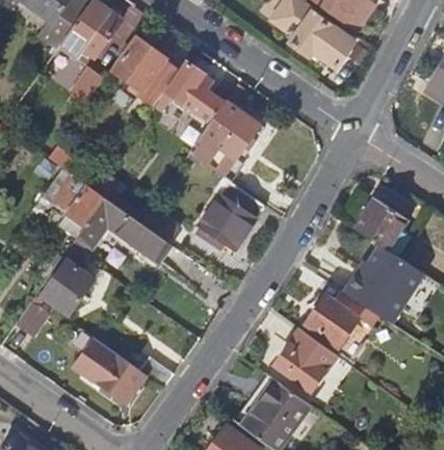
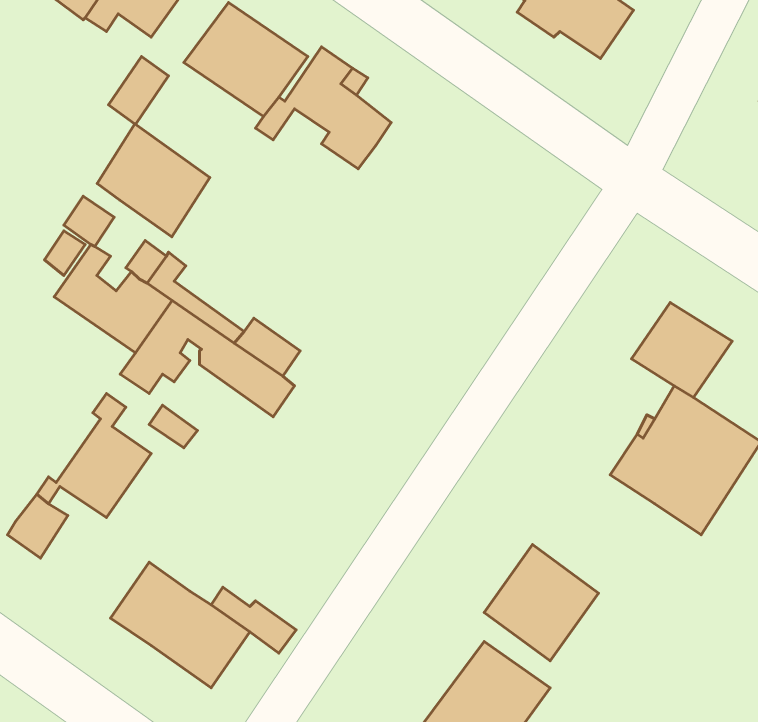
building: [188,102,259,181] -> none
building: none -> [97,124,210,237]
building: [195,184,266,256] -> none
building: [305,291,365,347] -> none

